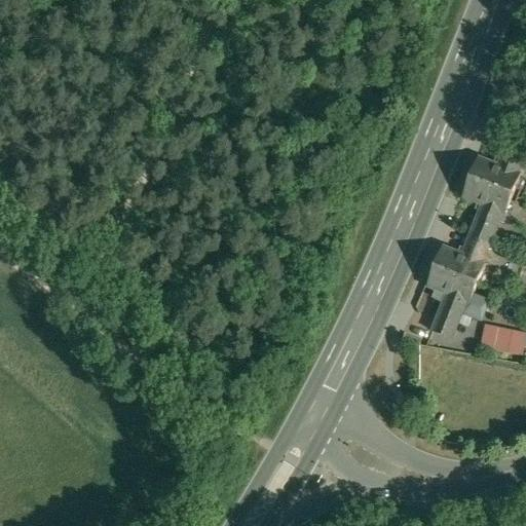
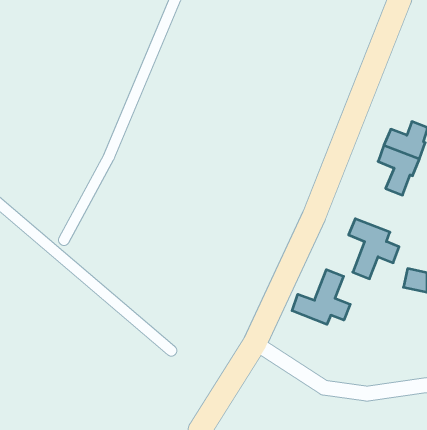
building: [433,229,490,283] -> none
building: none -> [292,270,350,324]

